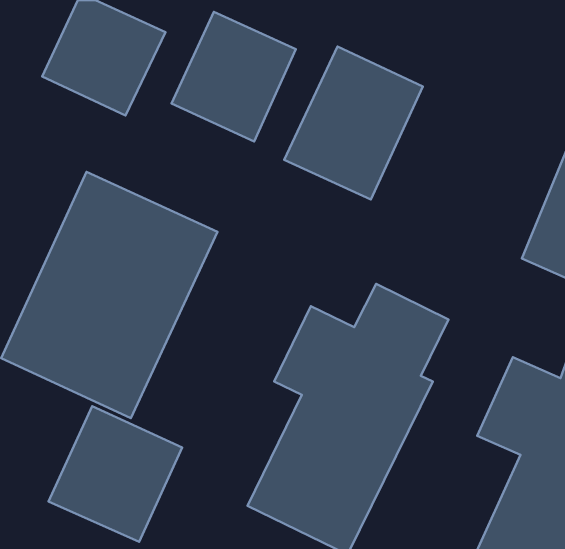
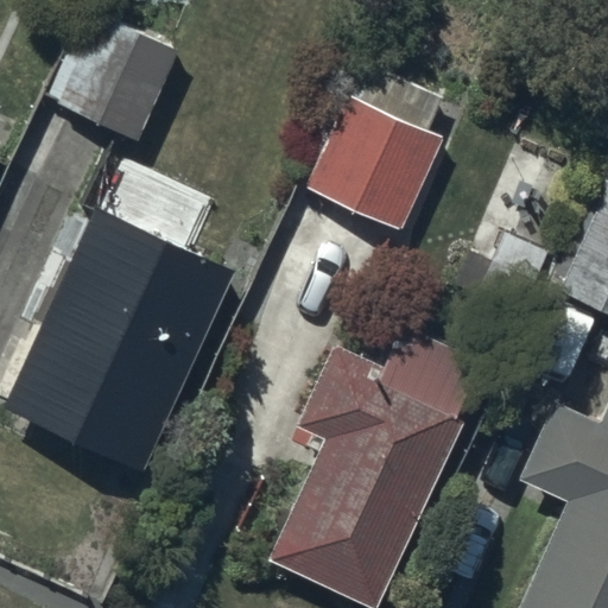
building: [171,12,296,142] -> none
building: [48,406,182,542] -> none

